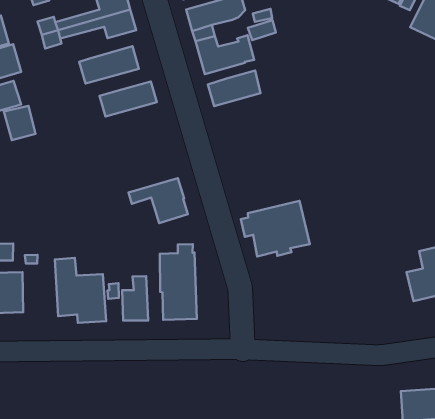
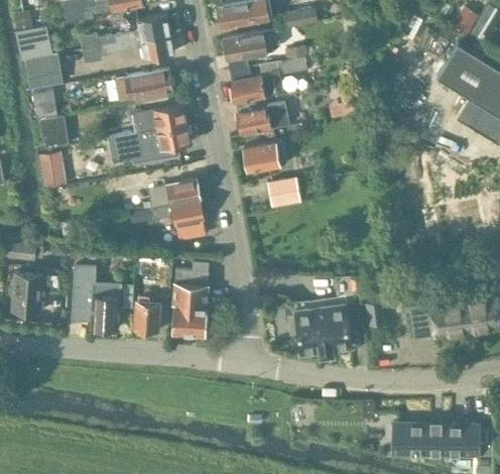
building: none -> [108,125,190,164]
building: none -> [243,142,285,171]
building: none -> [38,151,66,189]
building: none -> [267,177,299,207]
building: none -> [143,179,200,210]
building: [241,201,310,257] -> [288,306,352,356]

